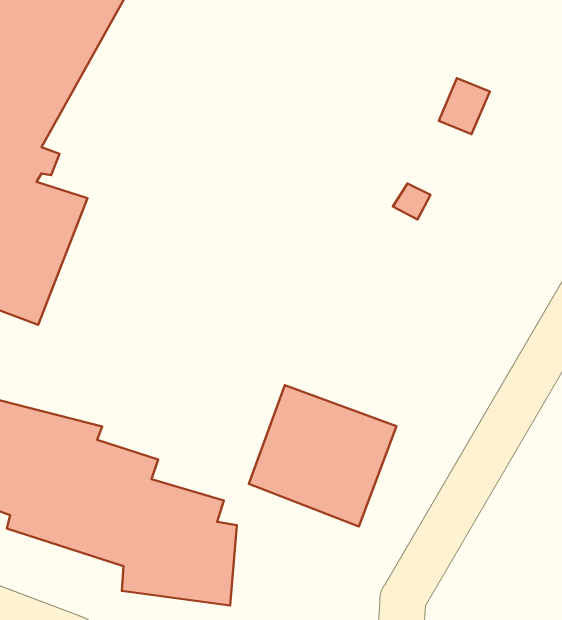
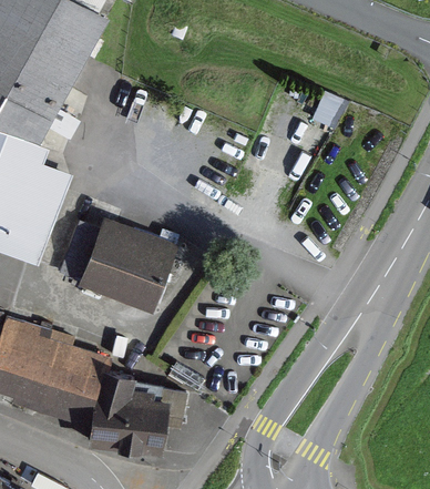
building: [249,385,396,526] -> [82,216,182,312]

